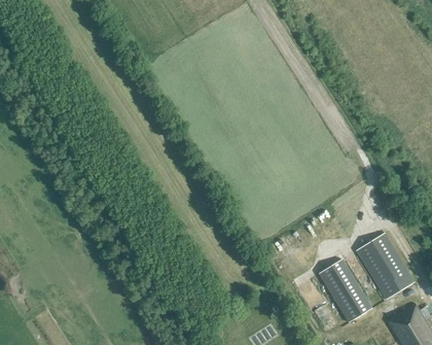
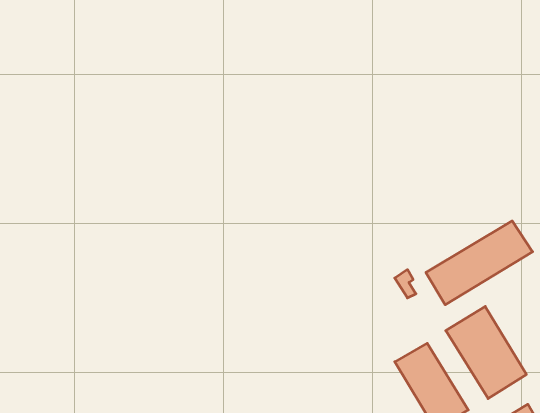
building: none -> [426,221,533,305]

